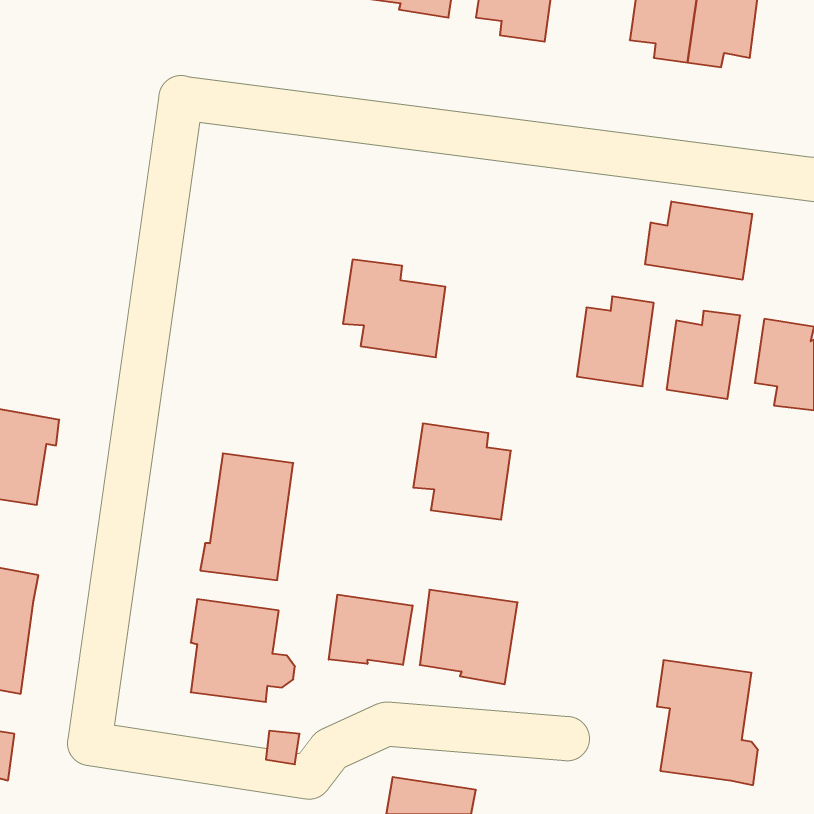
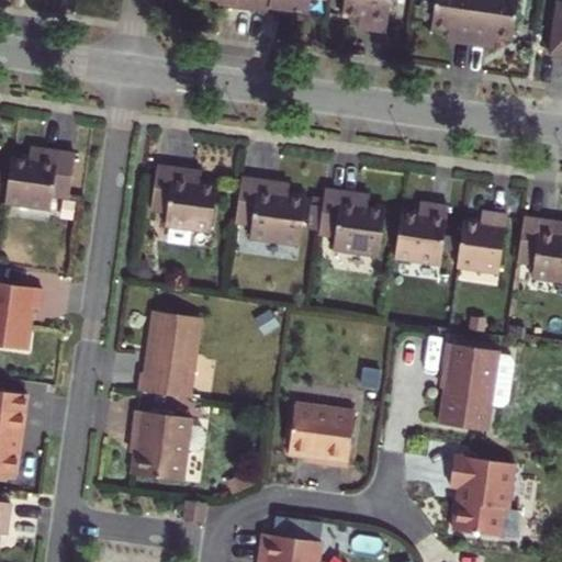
building: [645,201,752,280] -> none
building: none -> [4,147,75,209]
building: none -> [149,166,216,232]
building: [413,424,511,520] -> [318,190,385,256]
building: none -> [439,344,498,431]
building: [329,595,413,665] -> none

